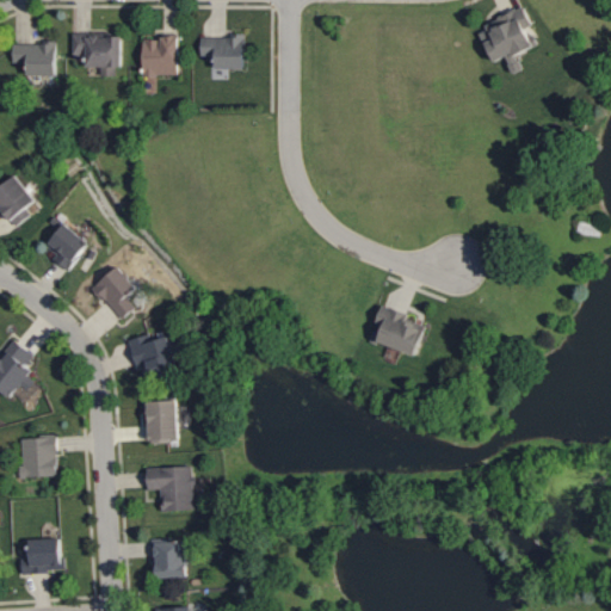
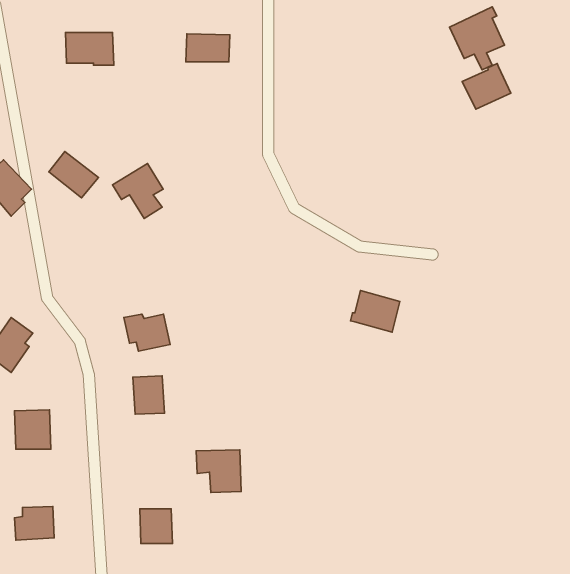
building: [140,39,177,78] -> none
building: [10,44,55,76] -> none
building: none -> [462,64,511,109]
building: [35,217,87,266] -> [49,152,99,198]
building: [91,263,144,321] -> [113,163,163,219]
building: [142,465,190,511] -> [196,450,241,492]

